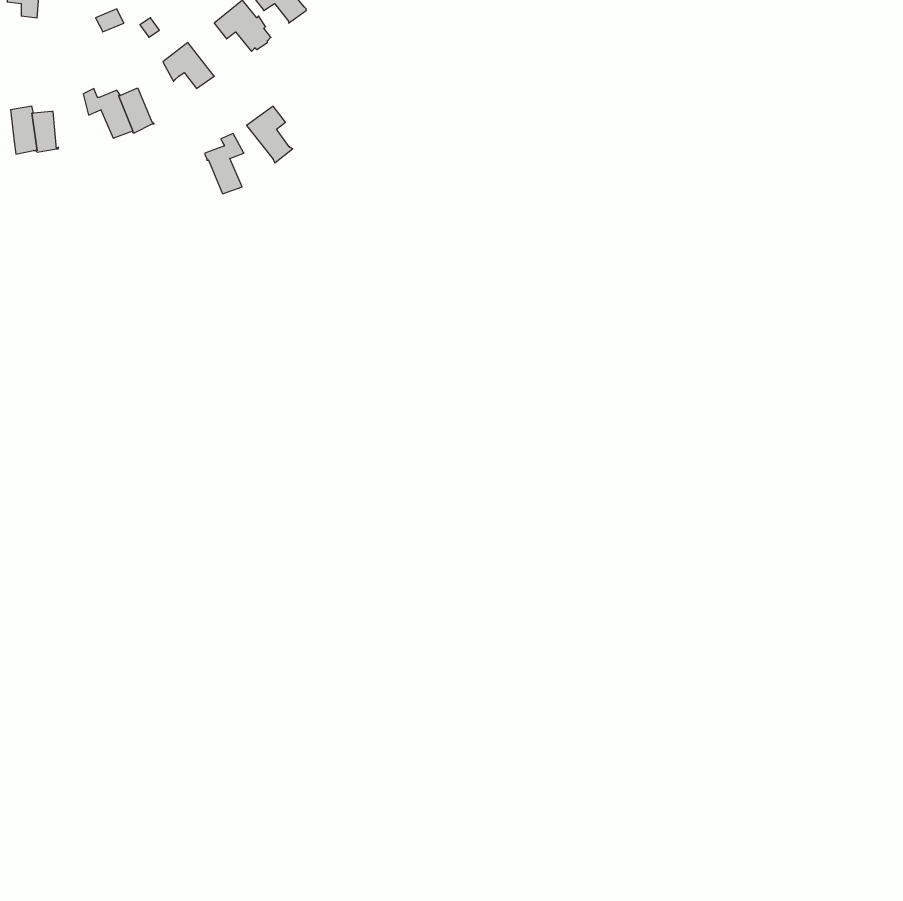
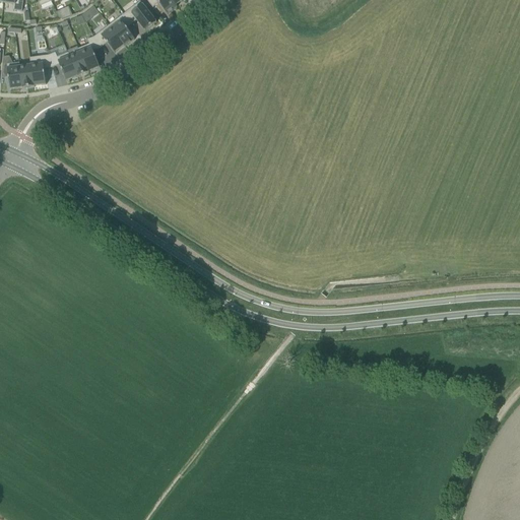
building: none -> [28,54,51,85]
building: [247,106,293,163] -> [108,13,134,46]
building: [205,134,244,194] -> [77,36,100,70]

